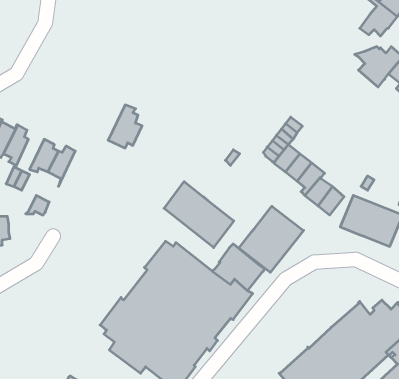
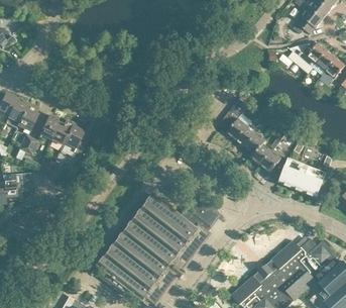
building: [108,105,142,148] -> [61,123,87,157]
building: [164,182,234,248] -> none
building: [239,206,304,272] -> none

